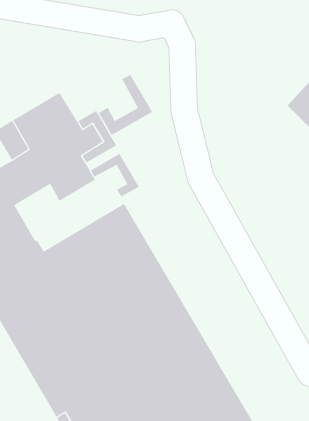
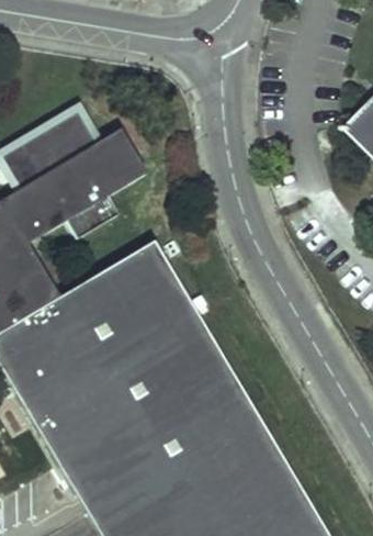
building: [98,74,153,136] -> none
building: [90,153,139,197] -> none

